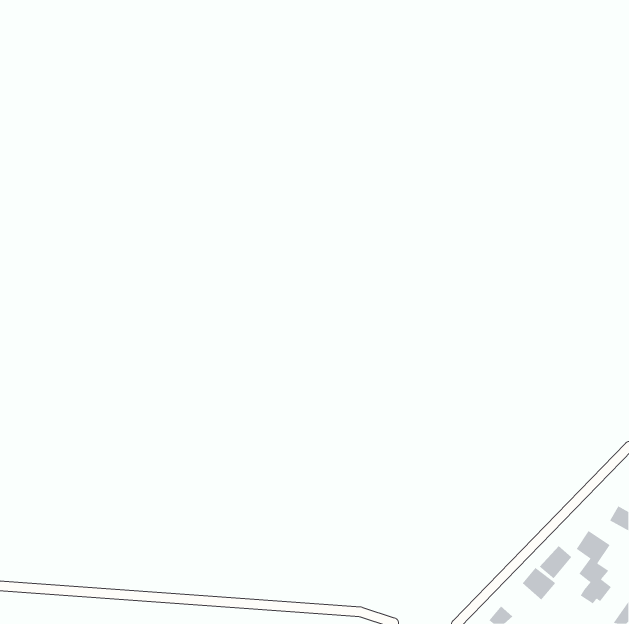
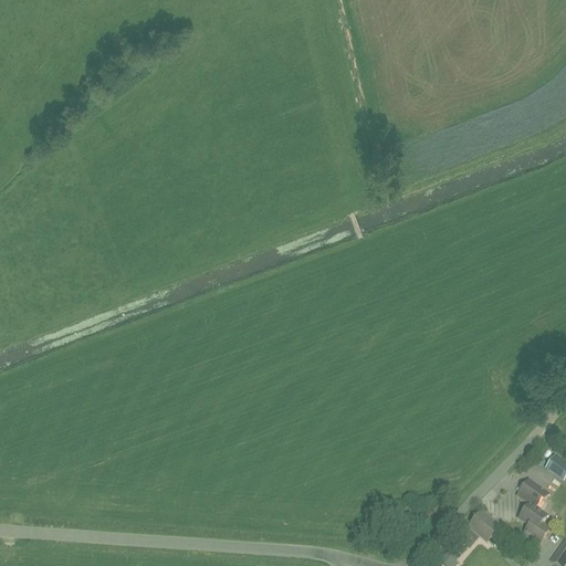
building: [539,545,572,579] -> none

